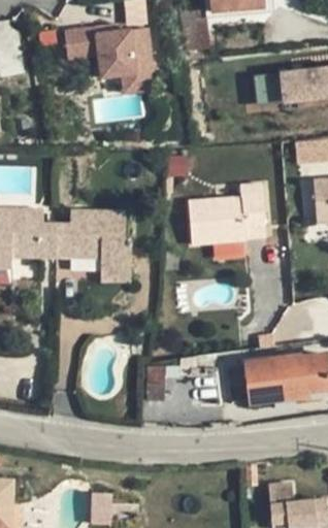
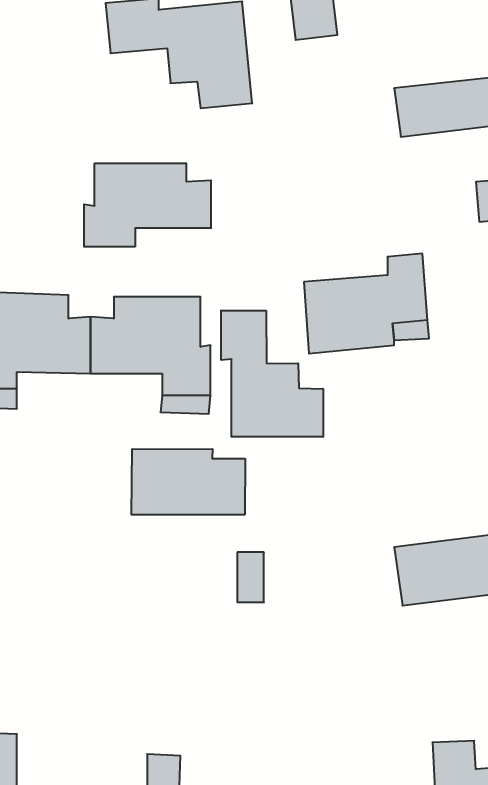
building: none -> [84,163,211,247]
building: none -> [221,310,323,437]
building: none -> [131,449,245,515]

